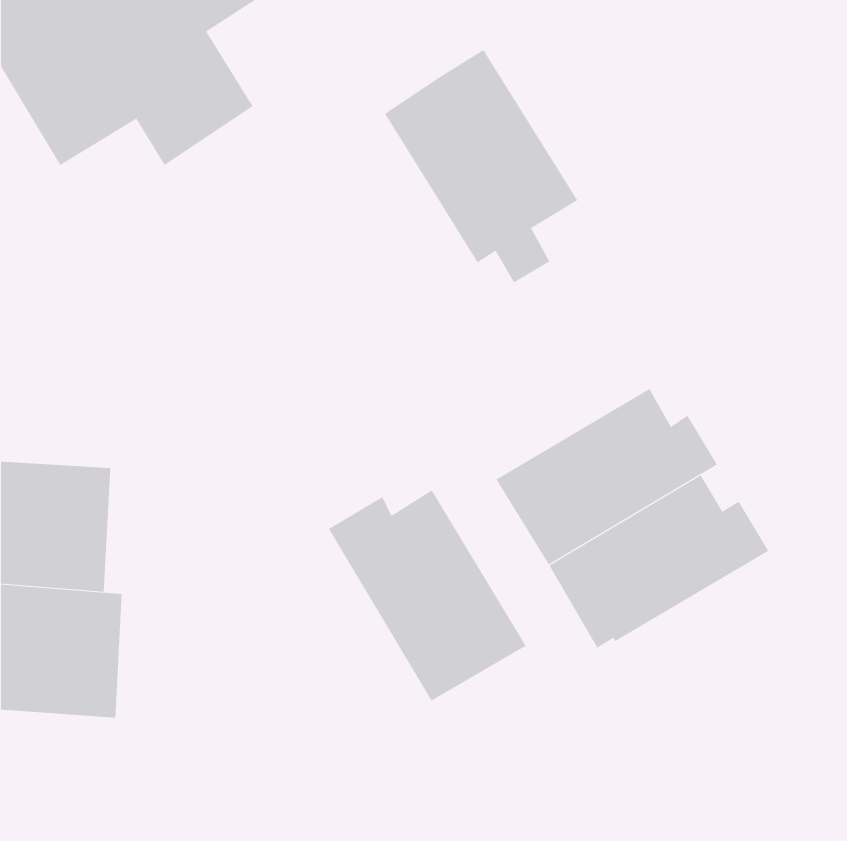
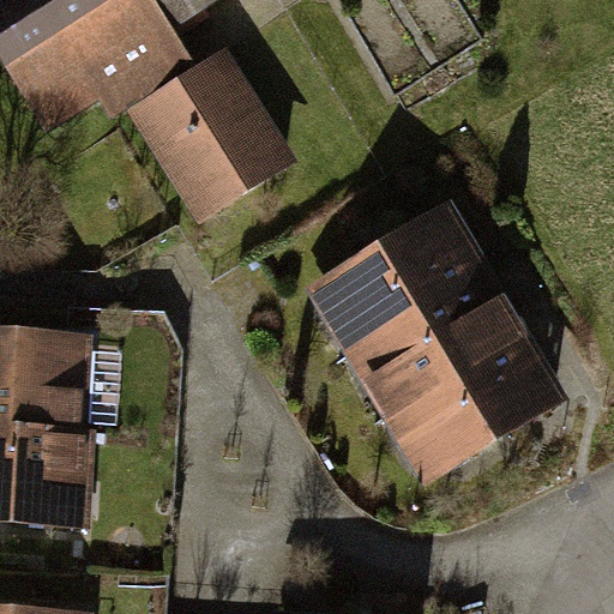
building: [384,49,578,283] -> [144,56,284,225]
building: none -> [323,211,470,347]
building: [328,489,527,701] -> none

